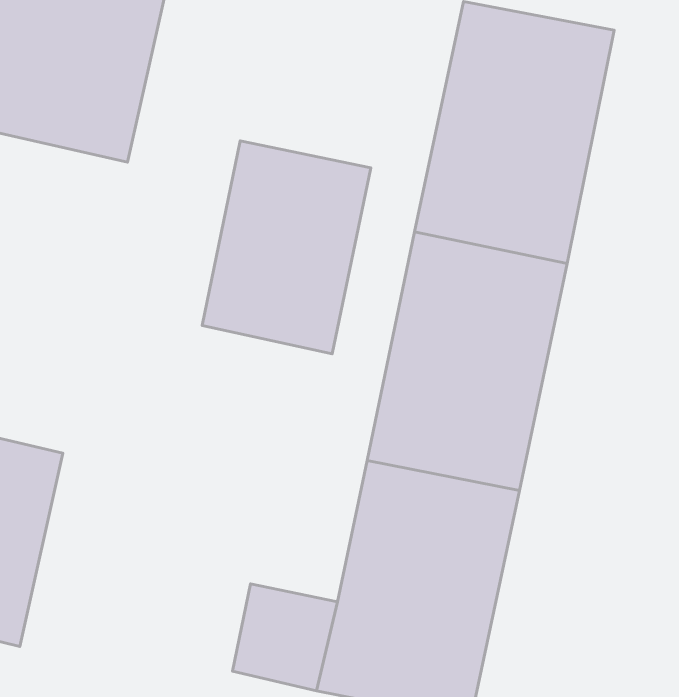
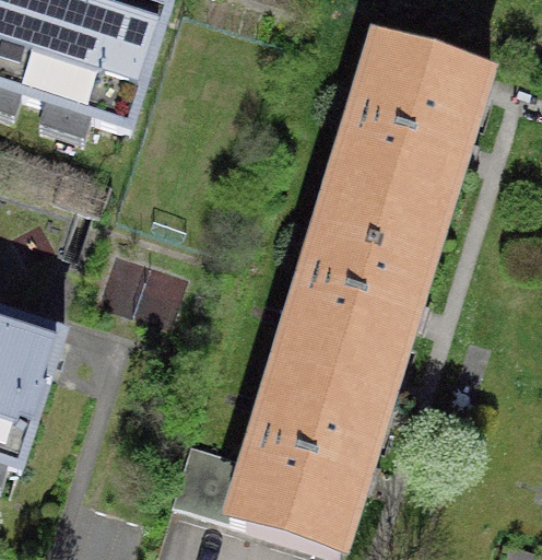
building: [202,141,371,354] -> none

